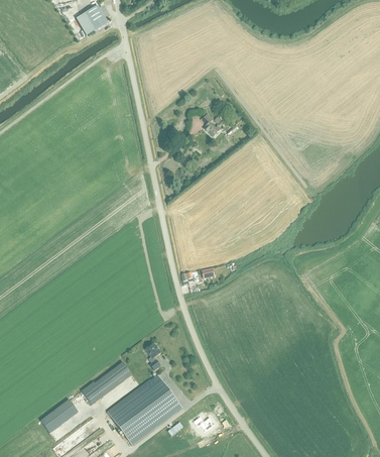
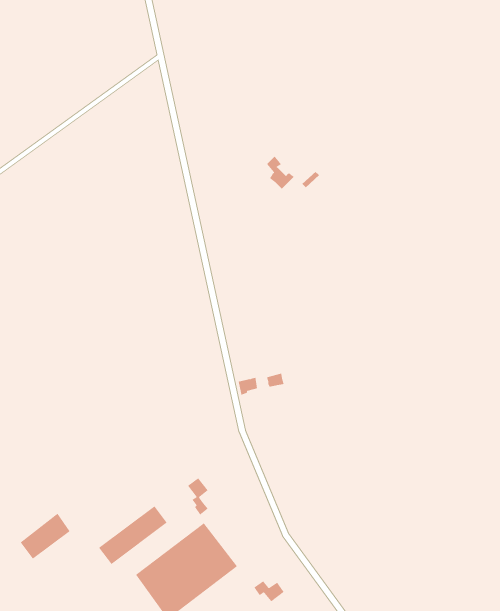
building: [76,5,108,34] -> none
building: [40,398,77,432] -> [20,513,71,559]

